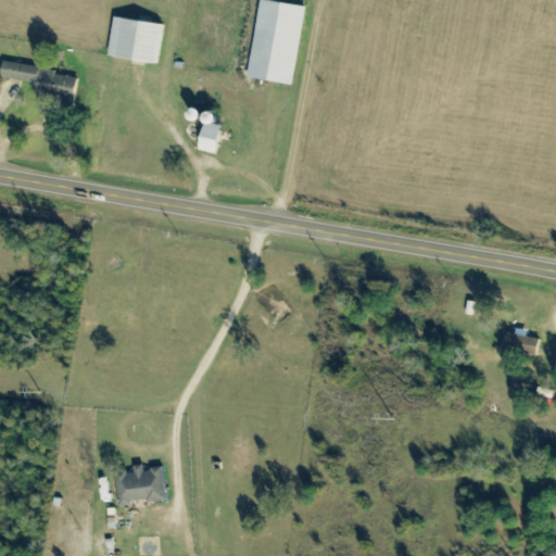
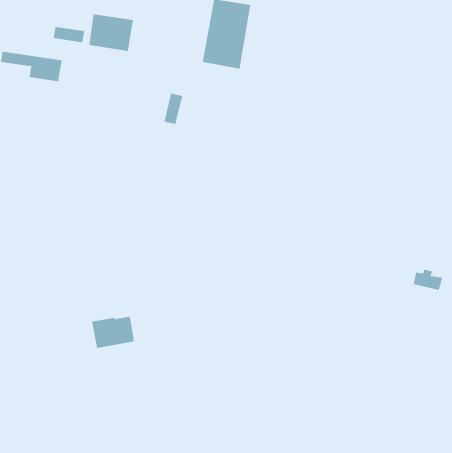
building: none -> [53,26,85,43]
building: [113,466,166,506] -> [91,316,135,349]

